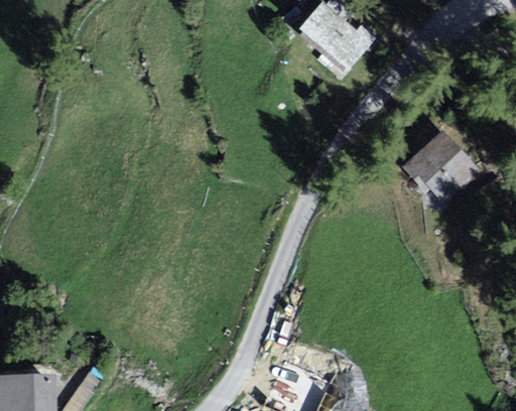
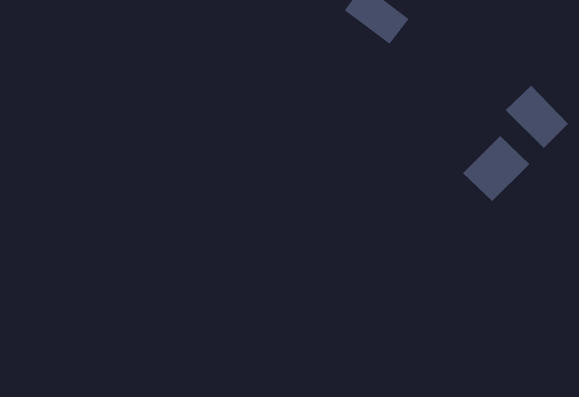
building: none -> [505,85,569,149]

